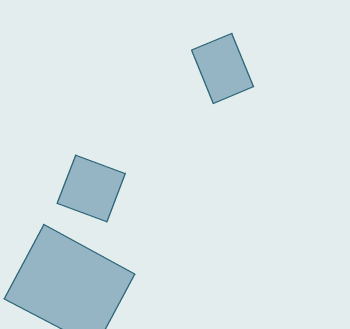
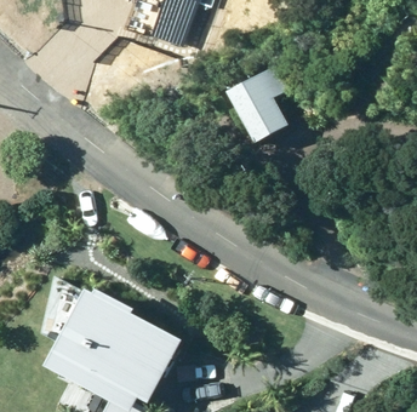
building: [57,155,125,222] -> none

